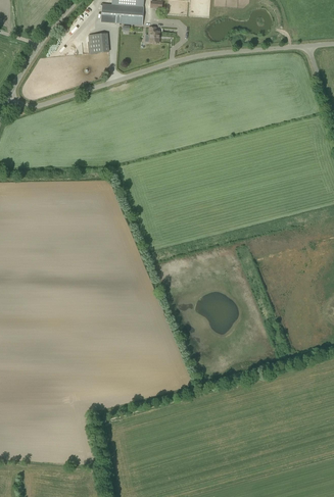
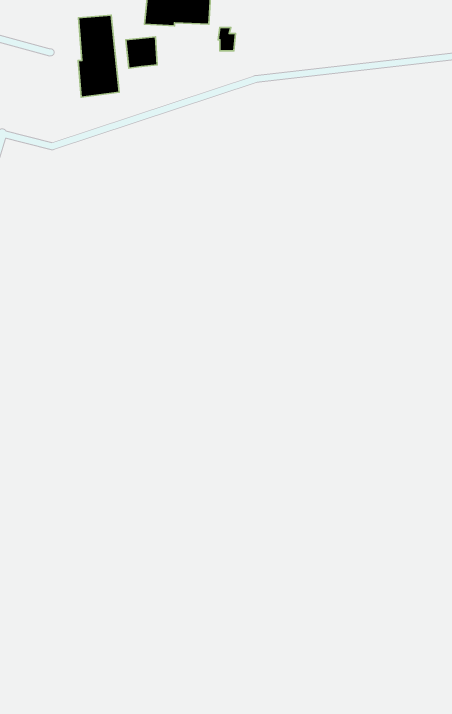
building: none -> [78,15,119,97]

